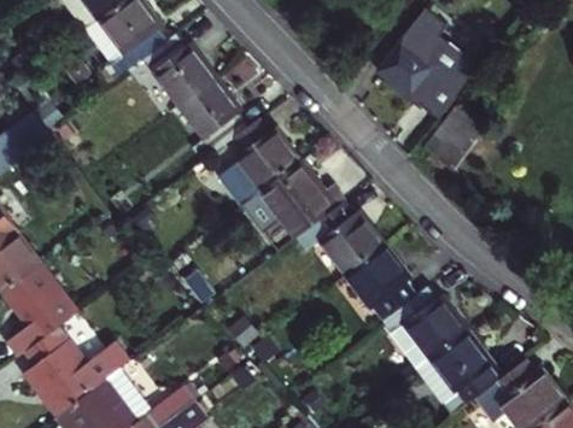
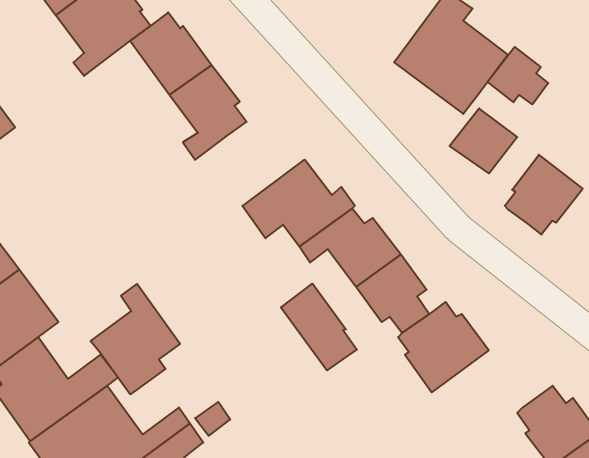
building: none -> [487,47,548,104]
building: [215,119,297,205] -> none
building: none -> [505,155,583,235]
building: none -> [281,284,357,370]
building: none -> [91,284,180,394]
building: [413,330,493,415] -> none

